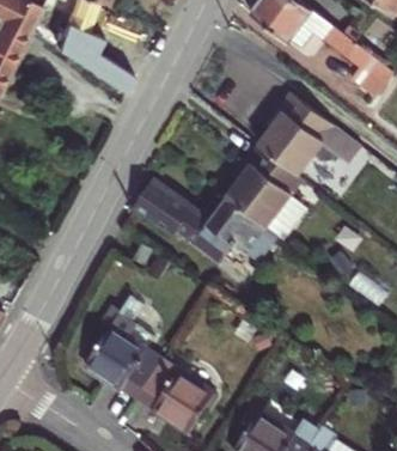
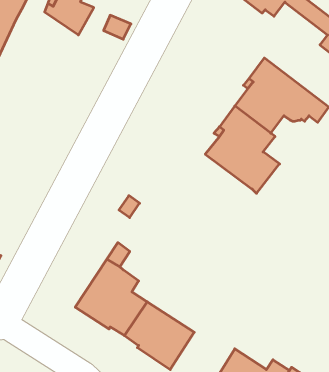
building: [133,181,277,262] -> none

